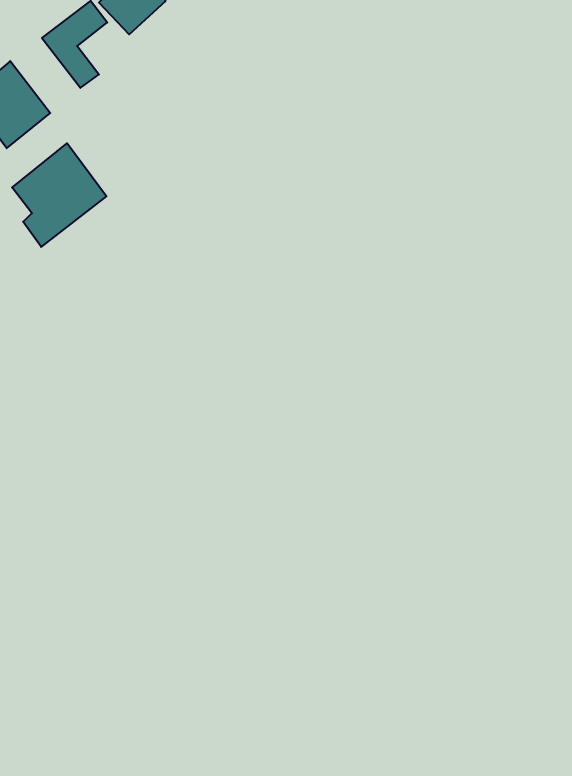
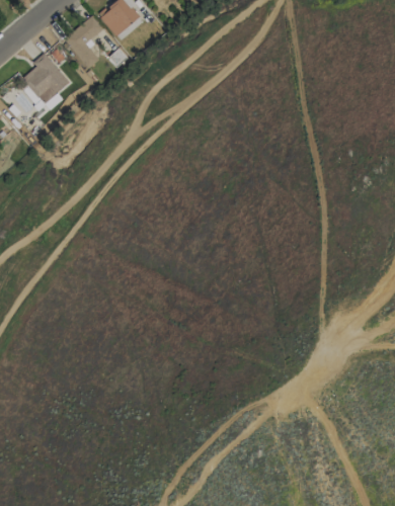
building: [12,143,106,247] -> none

